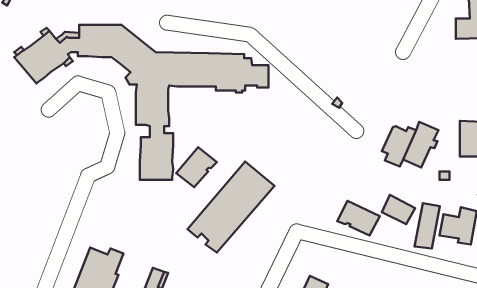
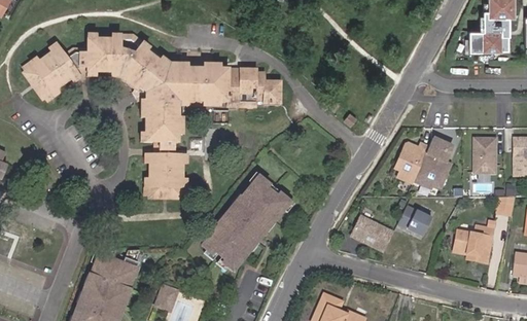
building: none -> [131,34,219,67]
building: [176,147,217,187] -> none
building: [414,203,440,248] -> none

